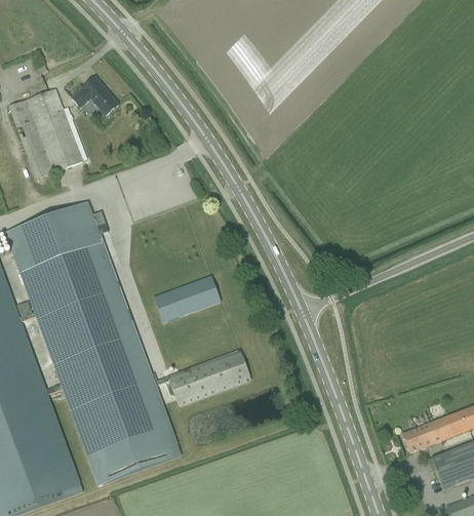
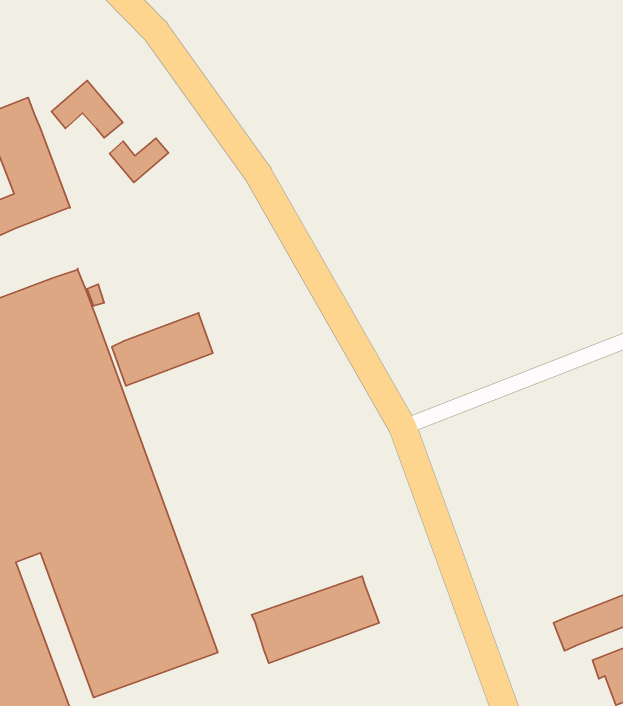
building: none -> [109,138,169,183]
building: [154,274,221,322] -> [112,313,213,386]
building: [167,349,251,406] -> [252,576,379,663]

